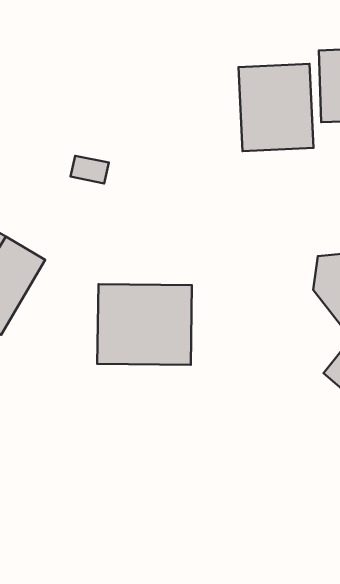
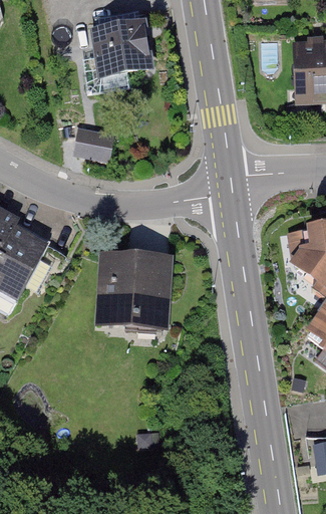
building: none -> [95,30,148,79]
building: [239,64,314,151] -> none

